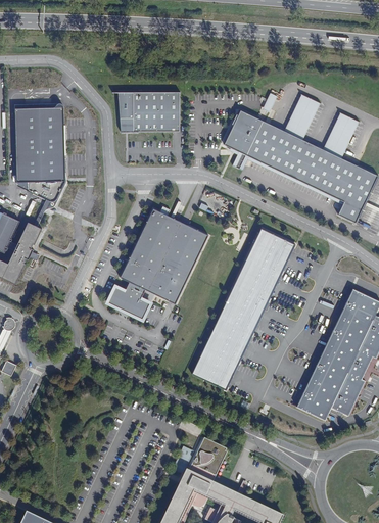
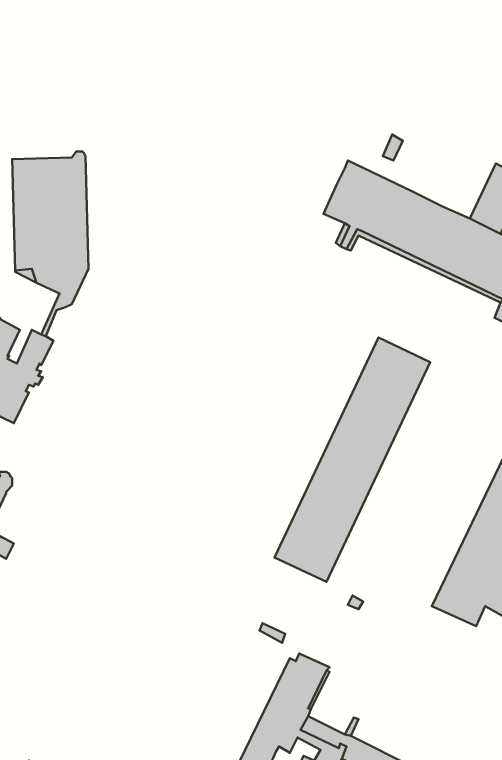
building: [110,88,179,131] -> none
building: [282,93,320,140] -> none
building: [103,208,206,323] -> none

